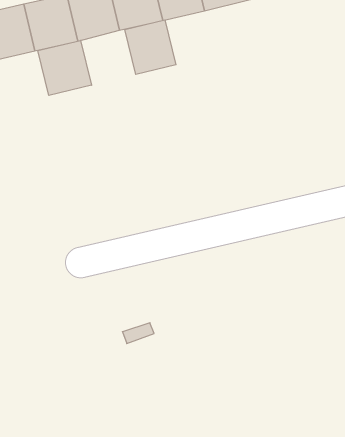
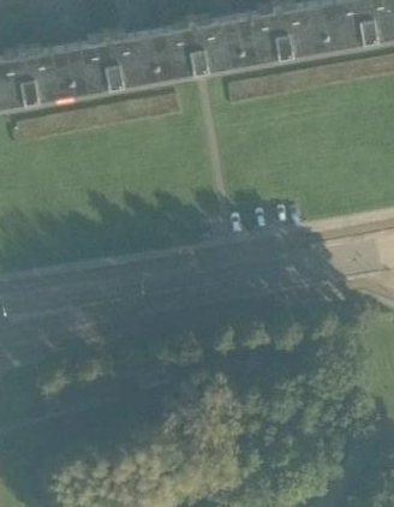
building: [125,20,176,74] -> none
building: [38,40,92,95] -> none

